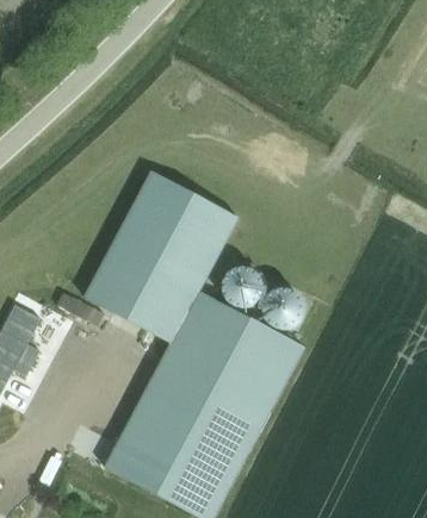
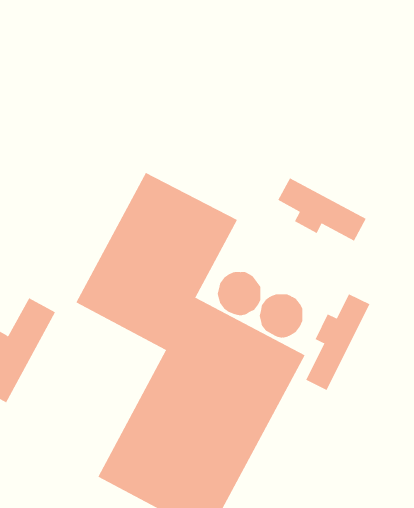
building: none -> [278,177,366,241]
building: none -> [305,293,370,391]

